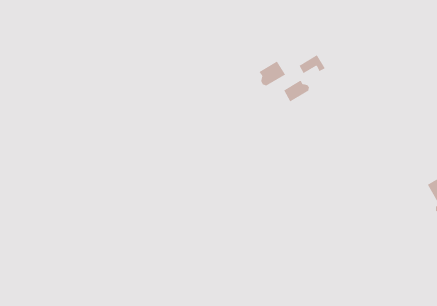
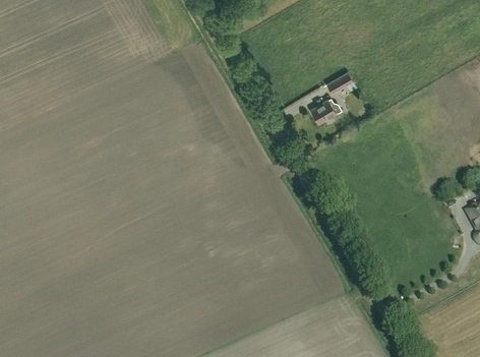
building: [259,61,286,86] -> none

